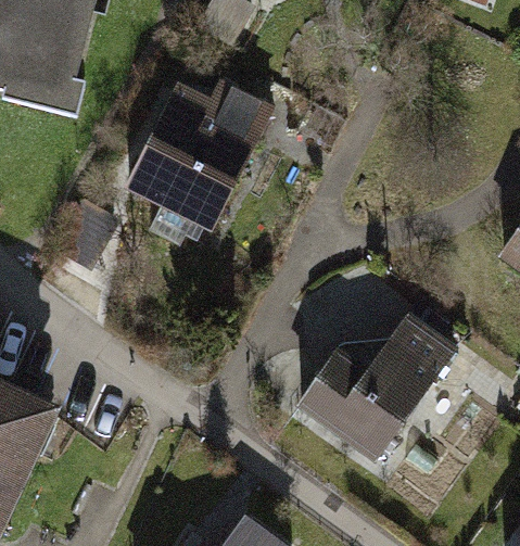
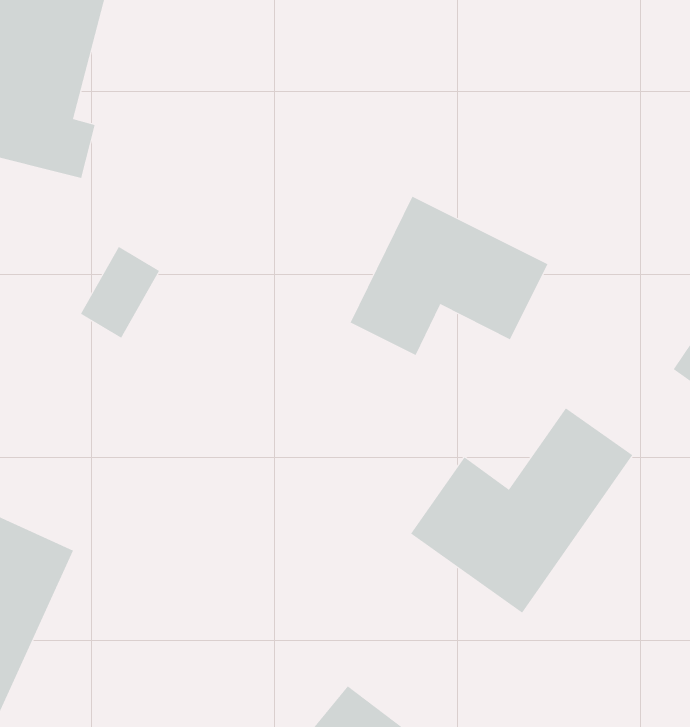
building: [125,80,277,229] -> none
building: none -> [350,196,548,356]

